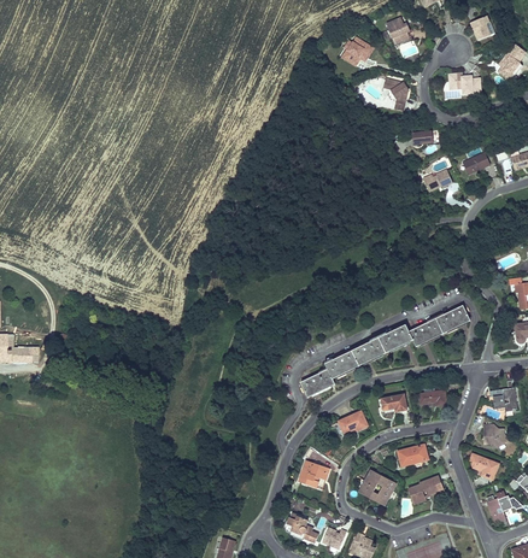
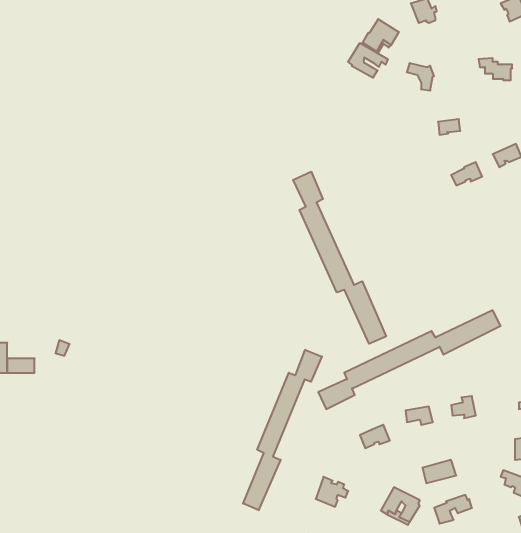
building: none -> [348,43,388,78]
building: none -> [293,172,386,344]
building: none -> [243,350,322,510]

